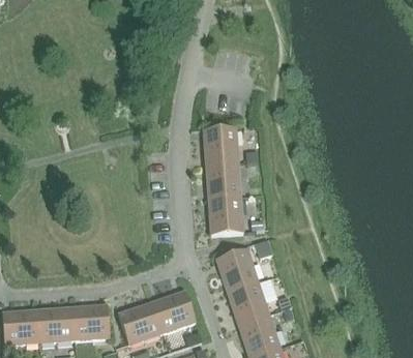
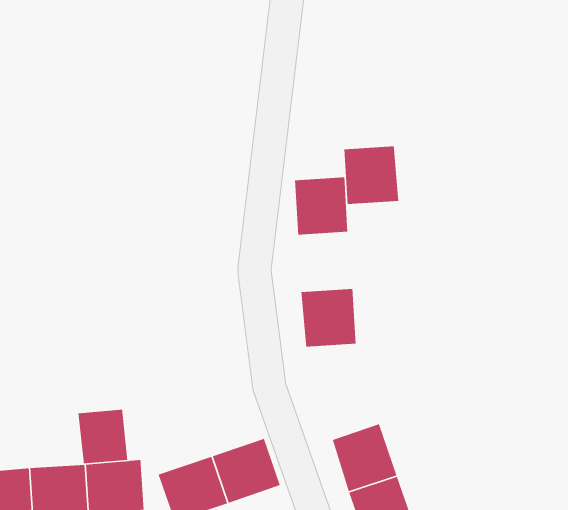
building: [206,161,241,199] -> [343,146,399,205]
building: [216,248,258,292] -> none
building: none -> [78,409,128,464]

